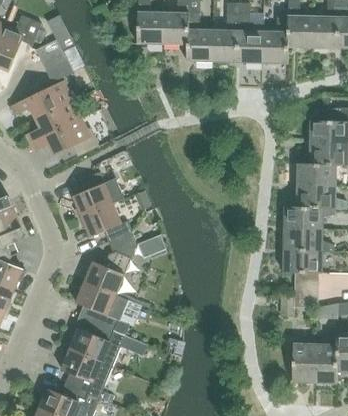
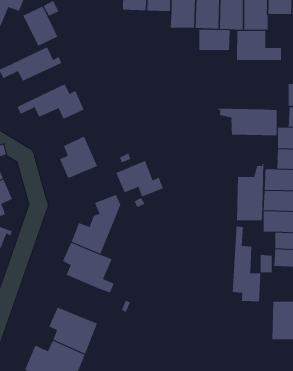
building: none -> [189,29,230,51]
building: none -> [236,30,282,61]
building: [25,98,79,143] -> none
building: none -> [218,108,277,136]
building: none -> [236,163,264,221]
building: [82,204,132,242] -> [115,160,164,197]
building: none -> [232,226,261,302]
building: [71,316,126,366] -> none

